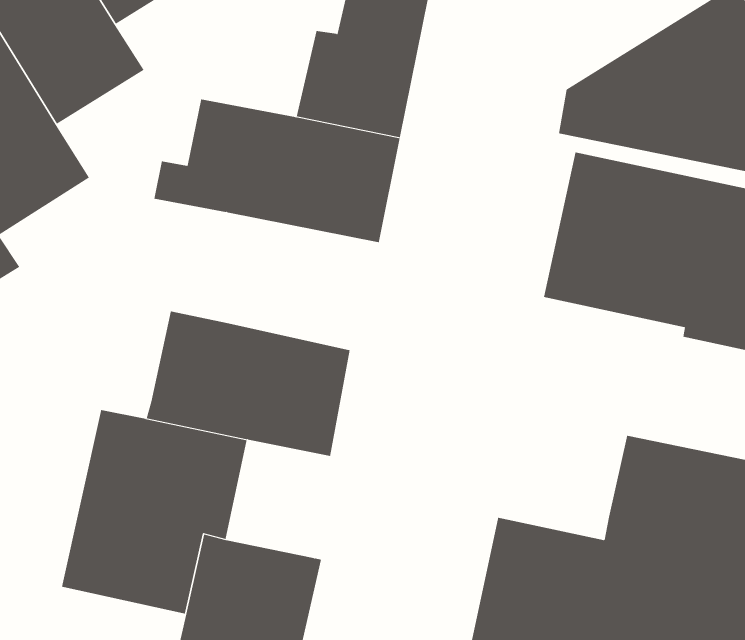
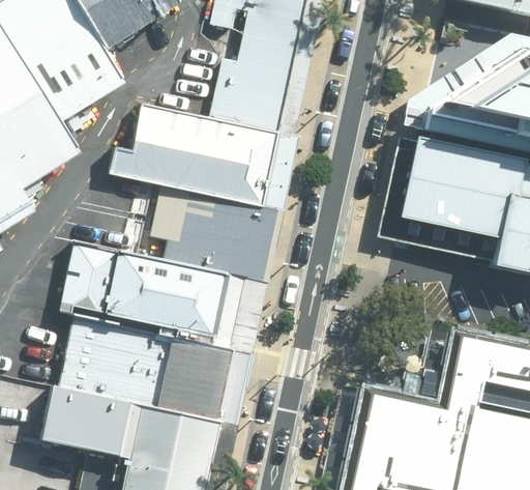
building: none -> [156,181,272,277]
building: none -> [69,240,129,313]
building: none -> [168,337,243,417]

